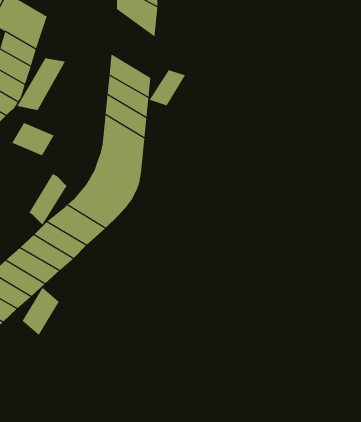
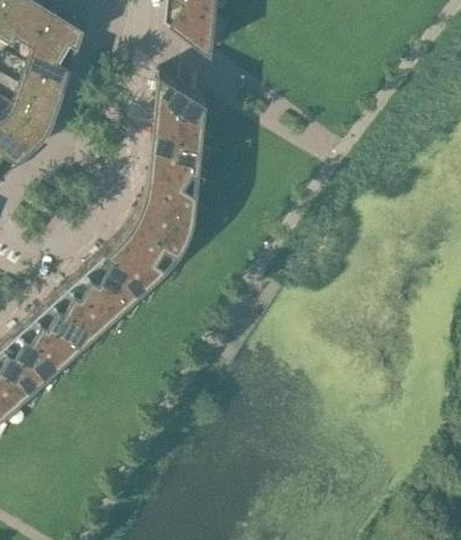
building: [16,57,66,111] -> none
building: [149,70,186,106] -> none
building: [12,122,55,156] -> none
building: [29,173,67,226] -> none
building: [22,287,59,336] -> none

